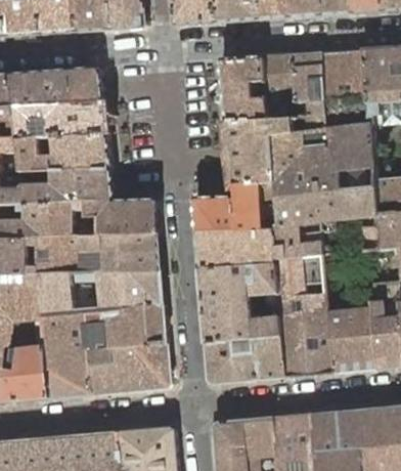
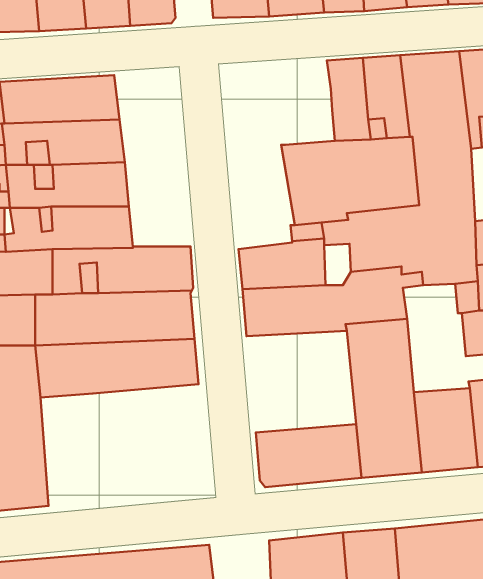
building: [220,55,267,120] -> none
building: [199,262,283,340] -> none
building: [42,303,166,396] -> none

